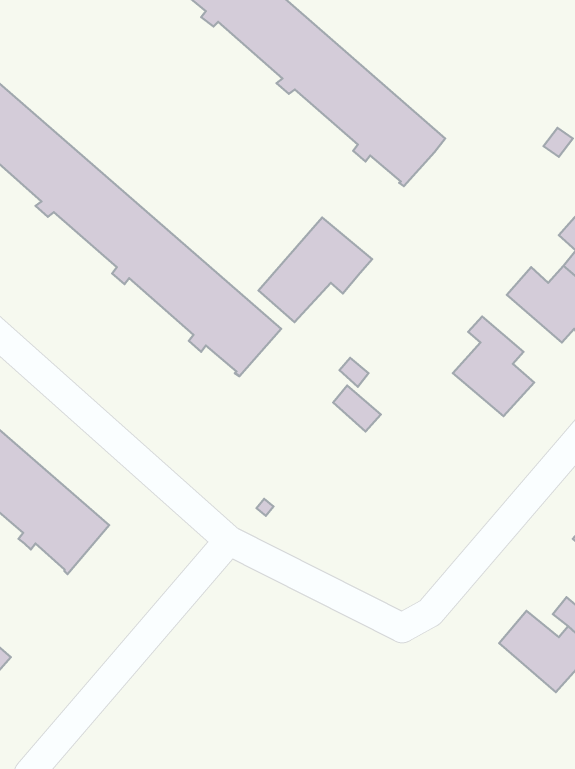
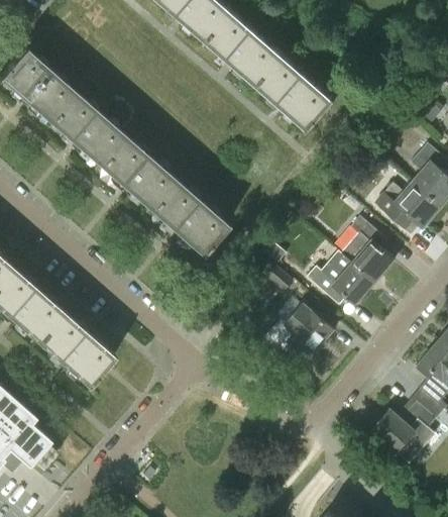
building: [259,217,372,322] -> none
building: none -> [308,253,373,305]
building: none -> [266,306,332,358]

